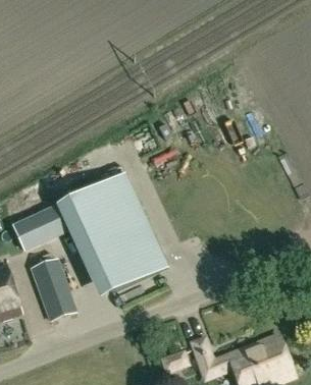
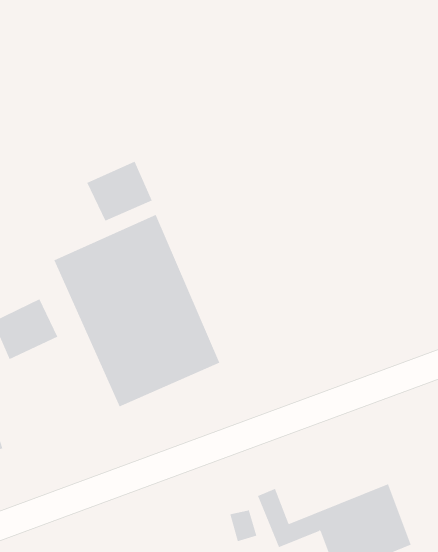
building: none -> [86,161,152,221]
building: [31,261,75,323] -> none

